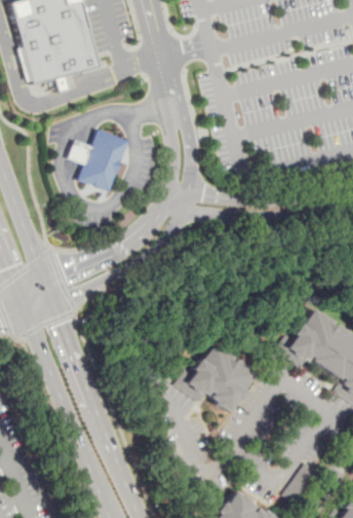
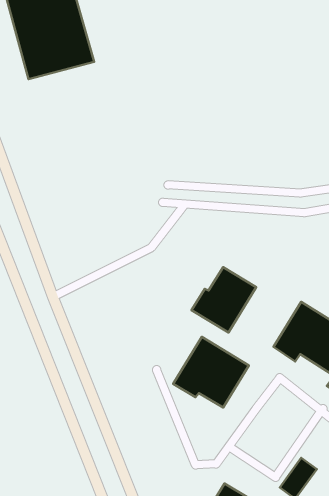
building: [70,128,128,191] -> none
building: none -> [192,267,256,333]

